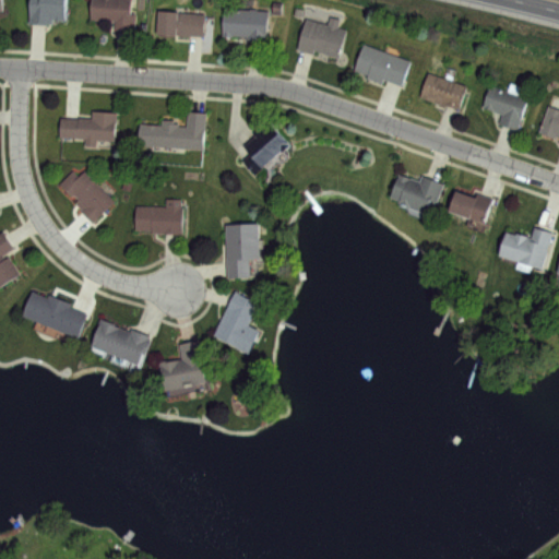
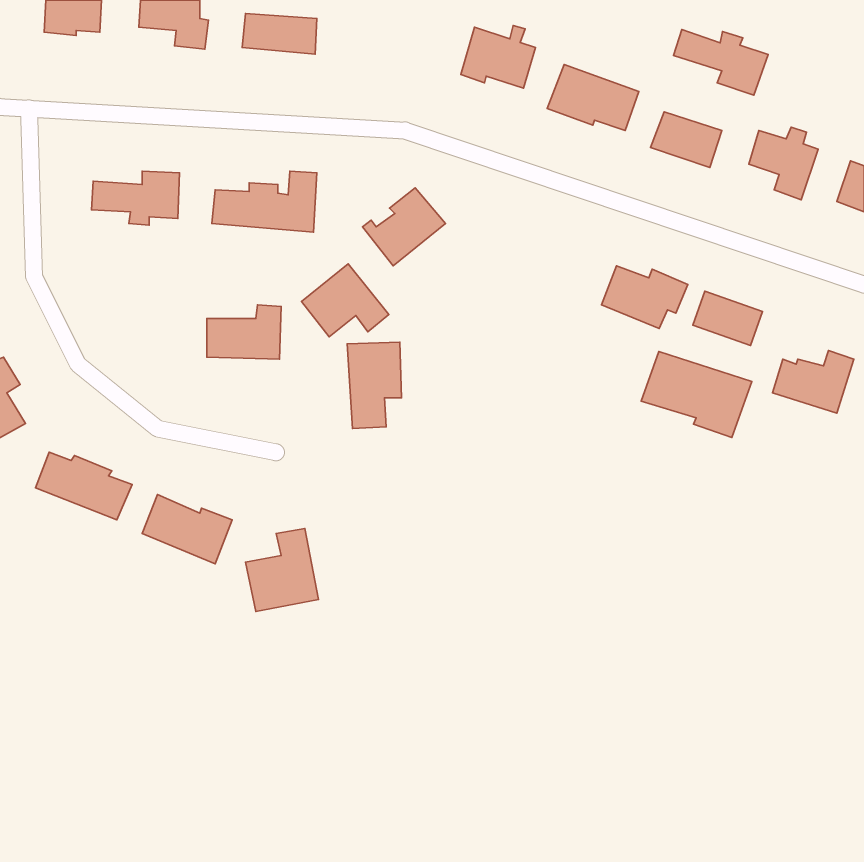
building: [222,8,266,43] -> none
building: none -> [673,30,768,95]
building: [59,171,114,225] -> none
building: none -> [302,264,389,337]
building: none -> [641,351,752,438]
building: [212,292,259,354] -> none

